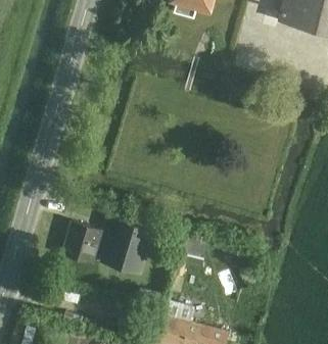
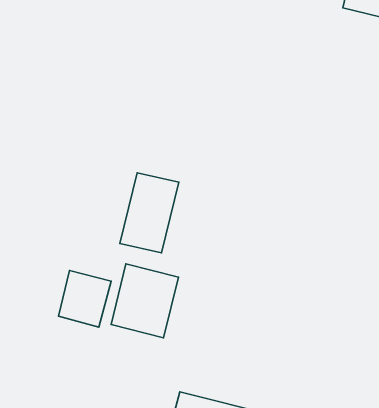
building: none -> [120,173,179,253]

